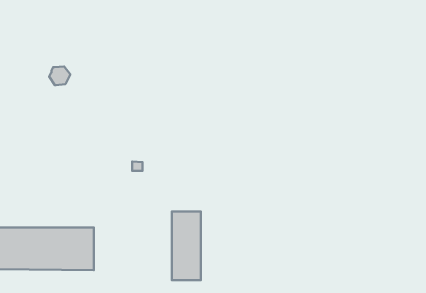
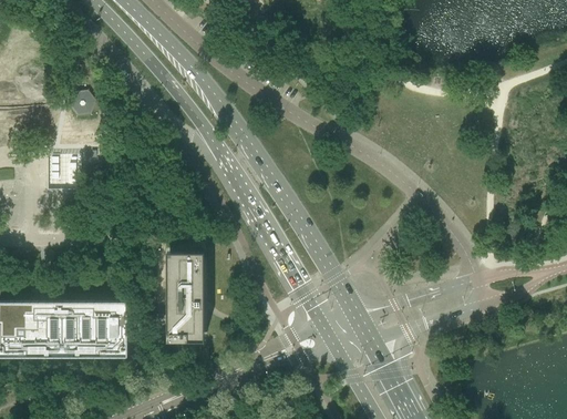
building: [172,211,201,280] -> [165,251,203,340]

